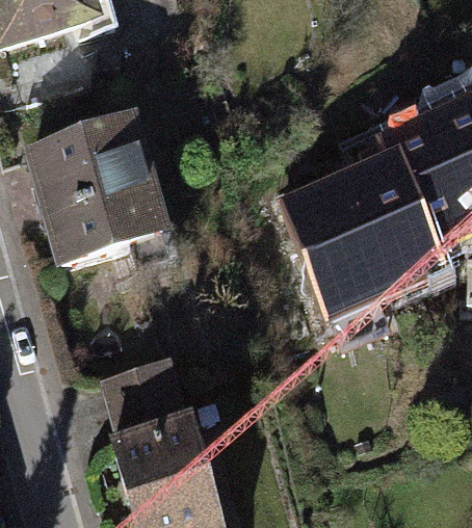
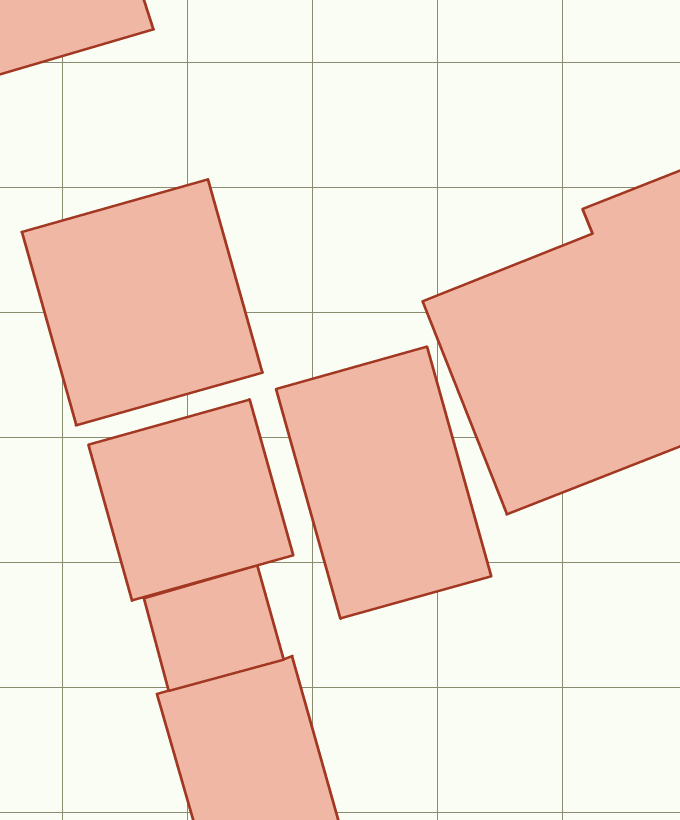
building: none -> [276,347,491,619]
building: none -> [89,399,293,601]

